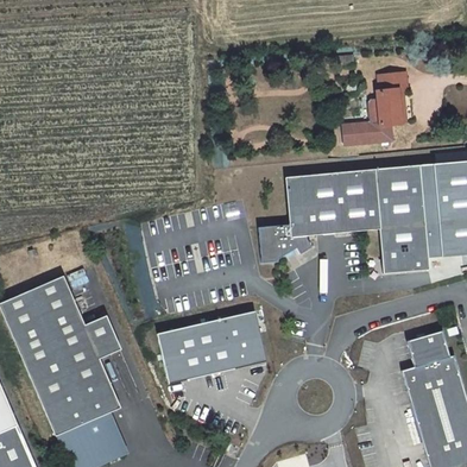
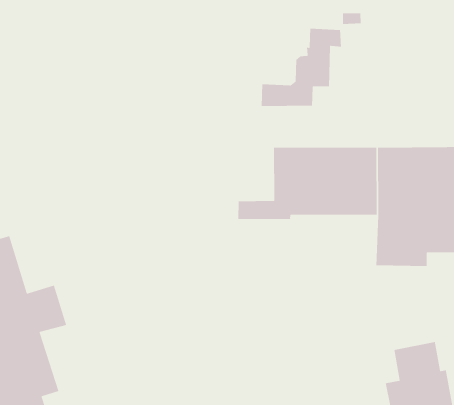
building: [341,72,408,146] -> [261,28,342,107]
building: [260,239,313,261] -> none
building: [159,310,267,384] -> none

